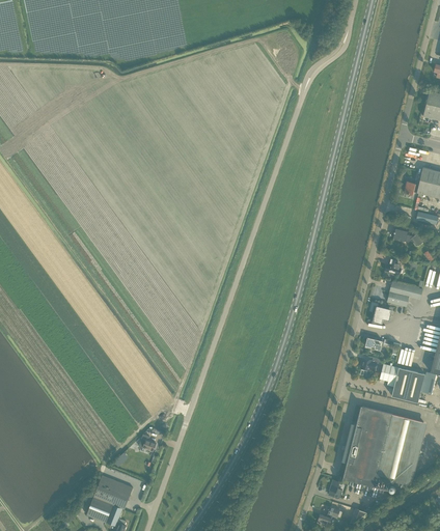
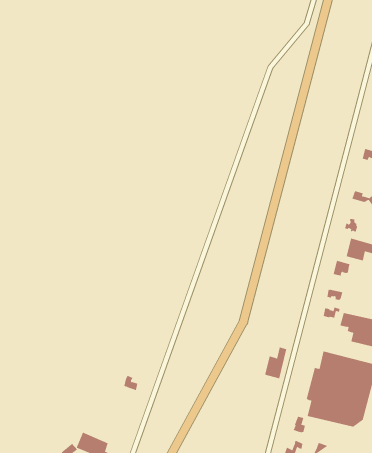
building: none -> [264,346,287,379]
building: [93,475,134,509] -> none

